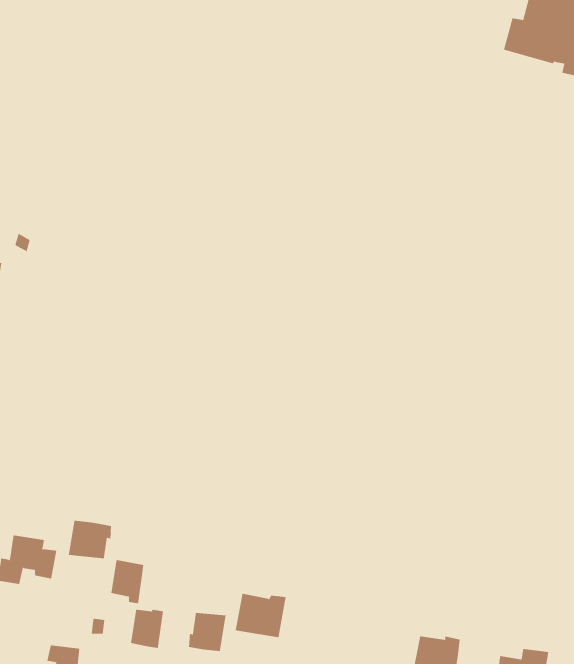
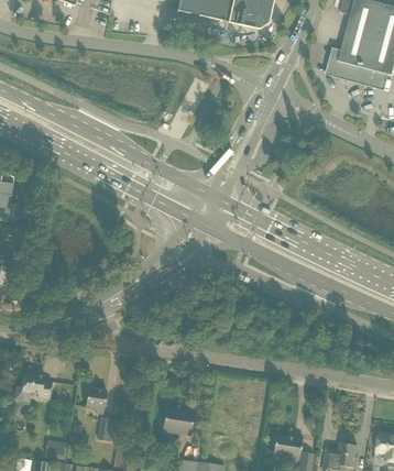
building: [68,520,111,559] -> none
building: [189,612,226,652] -> none

